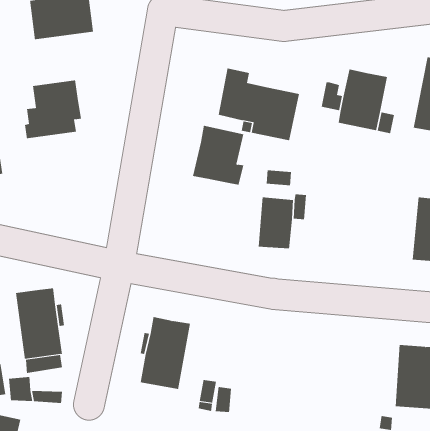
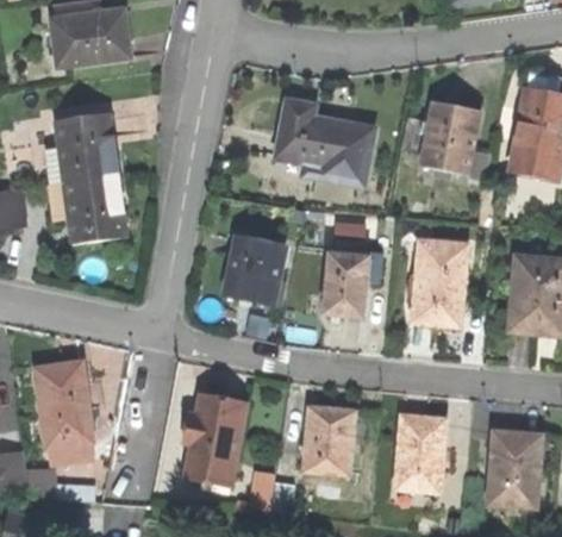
building: [192,125,244,185] -> [225,233,287,305]
building: none -> [49,175,127,243]
building: none -> [411,238,466,324]
building: none -> [304,406,354,473]
building: none -> [396,414,444,489]

